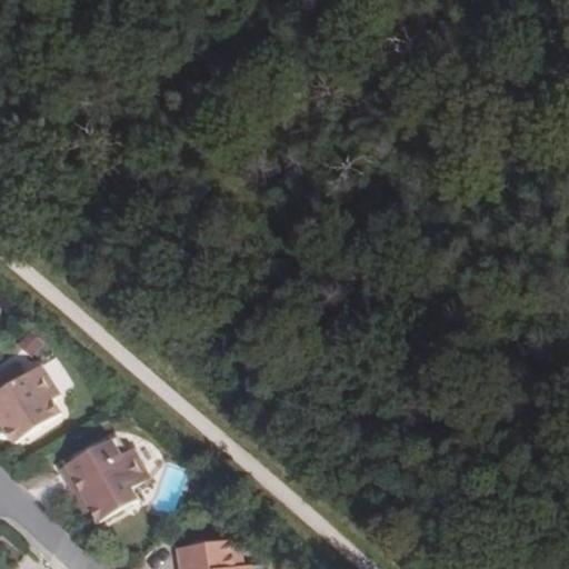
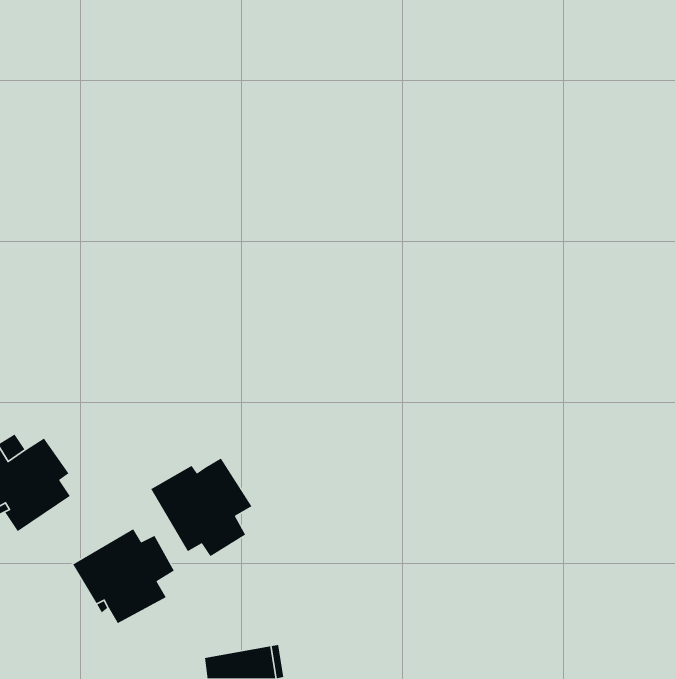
building: none -> [150,458,252,557]

